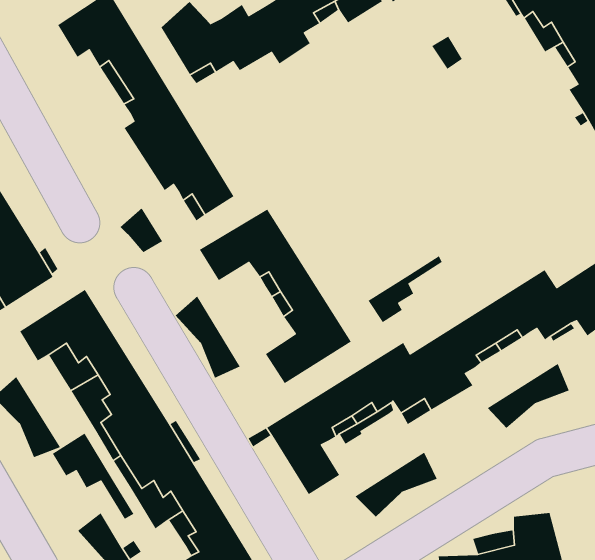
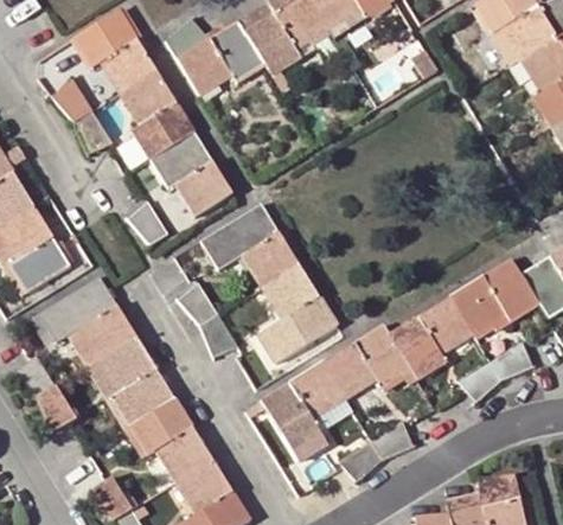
building: none -> [52,78,114,153]
building: [367,255,443,323] -> none
building: [52,432,135,520] -> none

